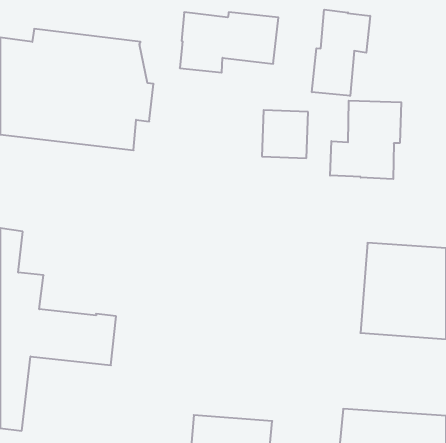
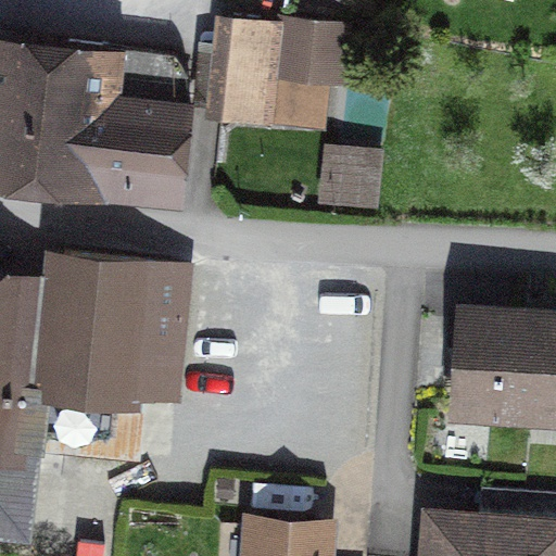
building: [312,10,370,96] -> none
building: [330,101,401,179] -> none
building: none -> [49,253,190,401]

